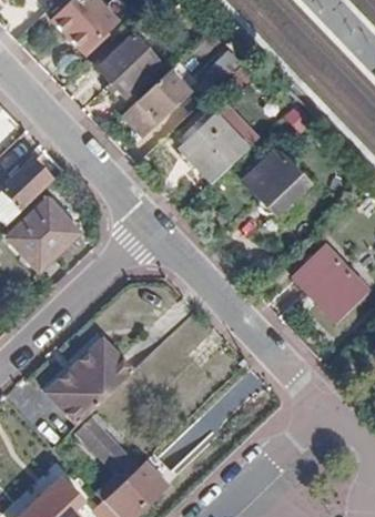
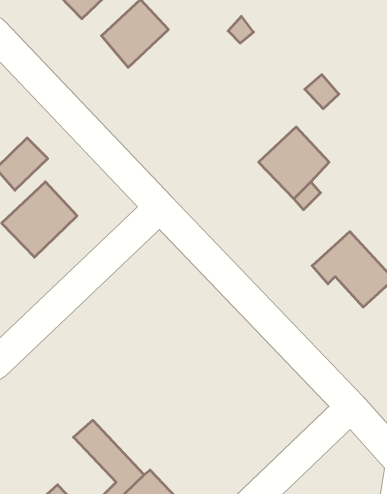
building: [136,70,190,122] -> none
building: [179,113,247,182] -> none
building: [49,338,134,425] -> none

